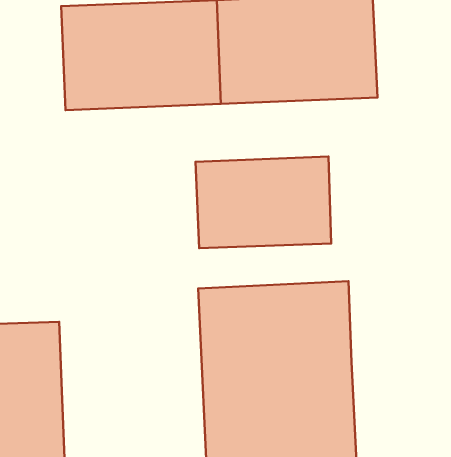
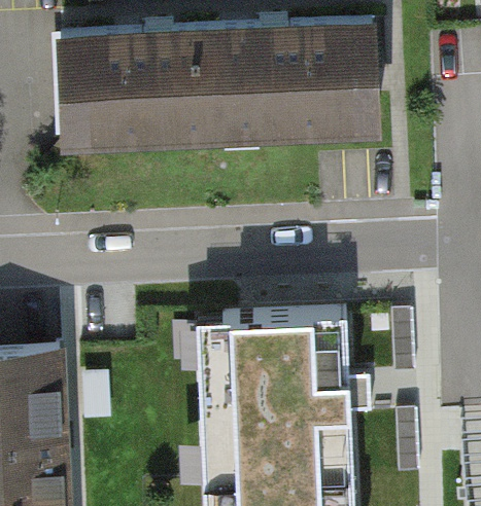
building: [196,156,331,248] -> none

